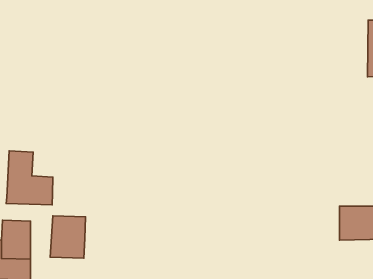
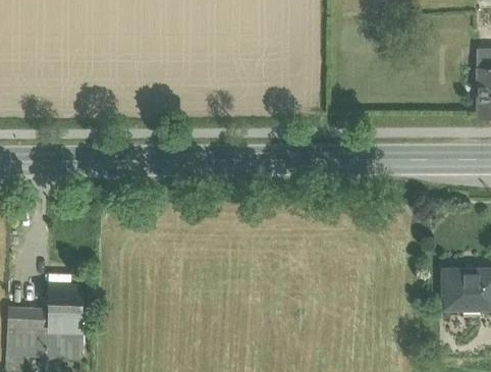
building: [6,151,53,205] -> none
building: [50,216,85,258] -> none

